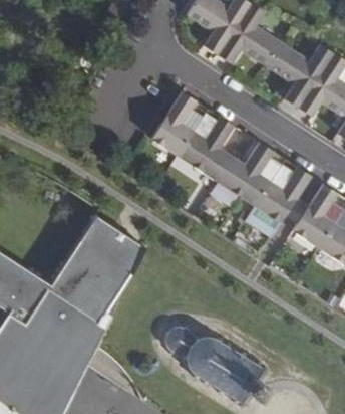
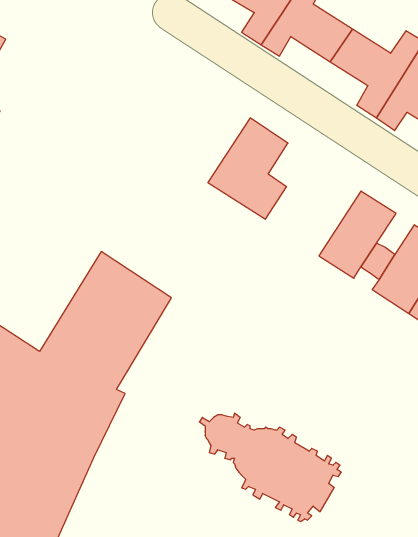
building: [148,93,203,157] -> none
building: [214,145,282,209] -> none

